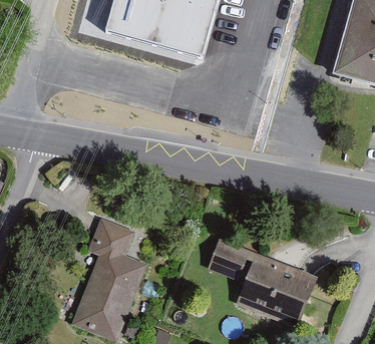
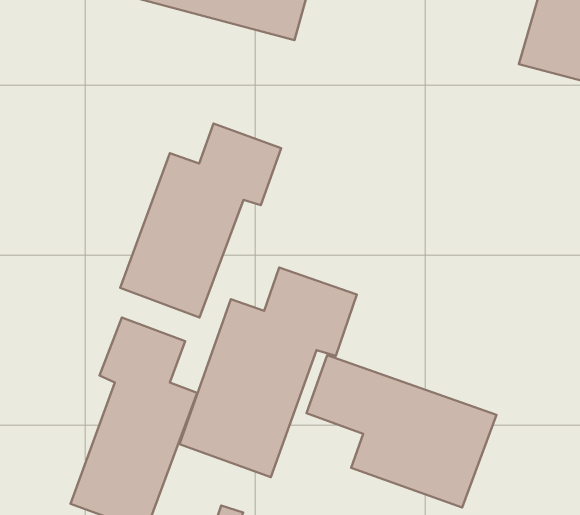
building: none -> [120,124,281,318]
building: none -> [179,268,357,477]

